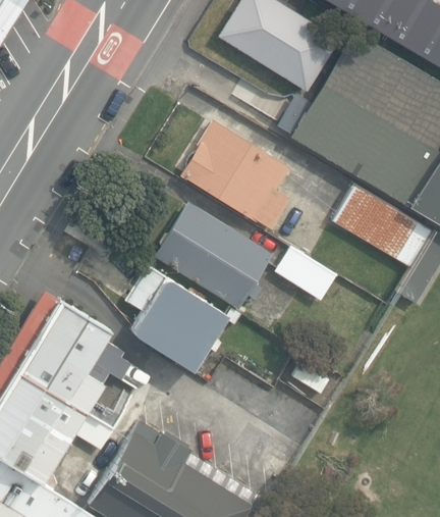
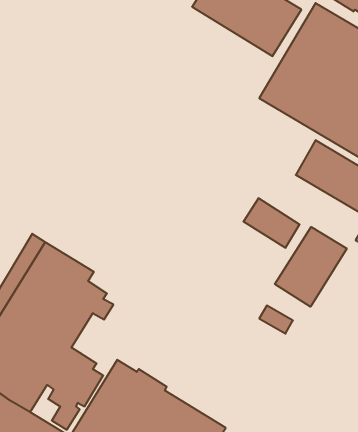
building: [181,120,290,229] -> none
building: [156,202,274,309] -> none
building: [125,267,227,371] -> none
building: none -> [275,227,347,307]

